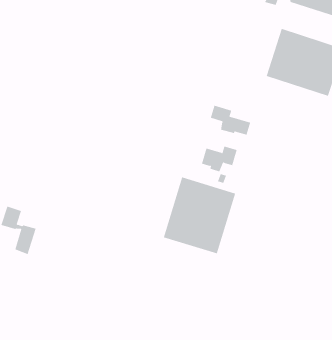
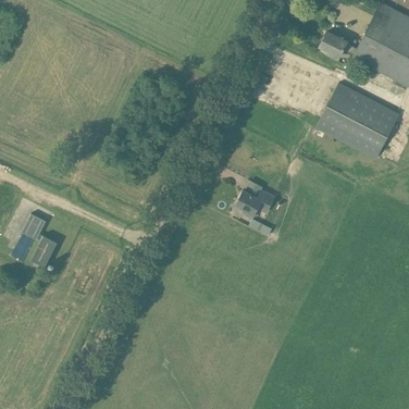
building: [210,105,251,136] -> none
building: [163,177,236,254] -> none

